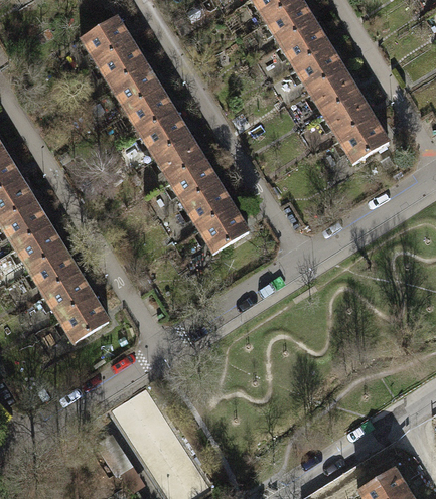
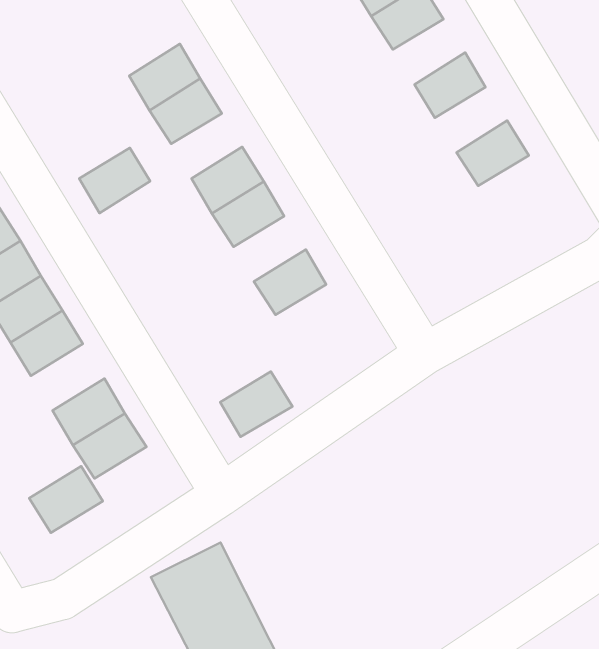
building: [82,16,132,61] -> none
building: [280,22,330,67] -> none
building: [309,69,359,115] -> none
building: [126,88,175,133] -> [79,148,150,213]
building: [339,117,390,162] -> none
building: [169,159,220,204] -> none
building: [198,206,249,252] -> [220,372,293,437]
building: [28,247,80,294] -> [29,466,103,533]

